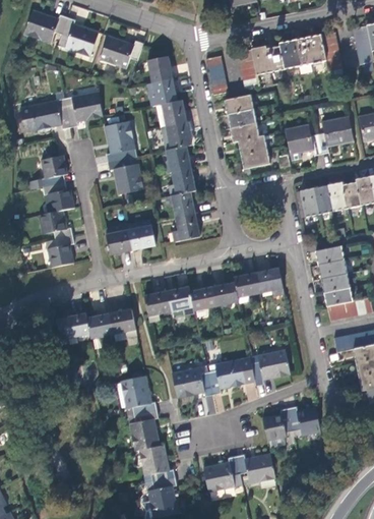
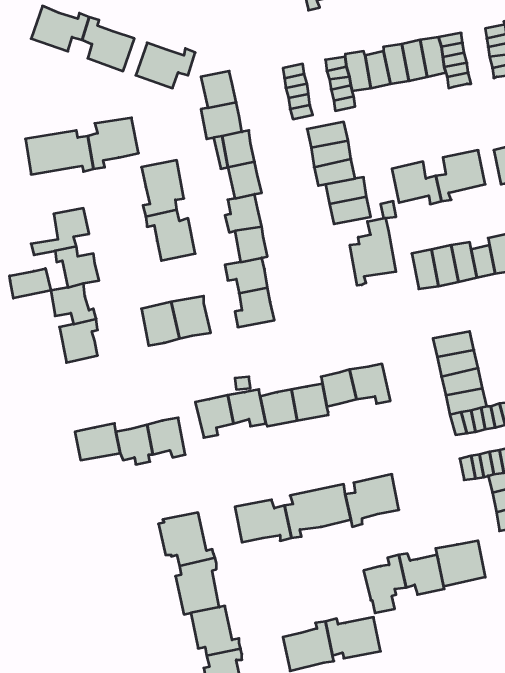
building: none -> [350,218,396,285]
building: none -> [10,268,51,298]
building: none -> [436,541,485,586]

